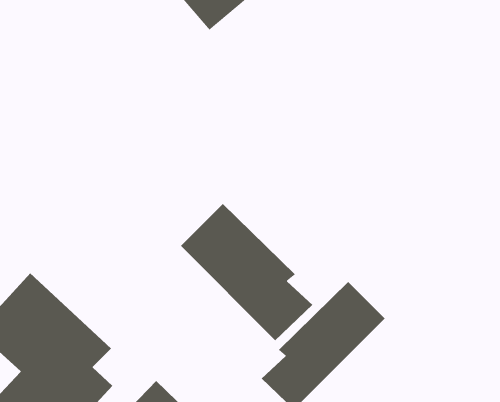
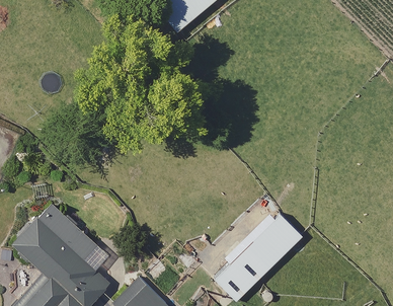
building: [180,203,313,341] -> none

